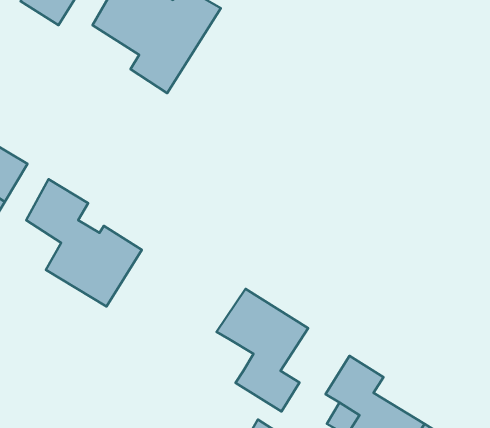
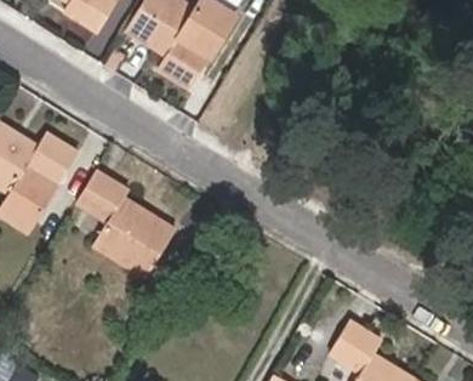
building: [217,289,308,411] -> none

